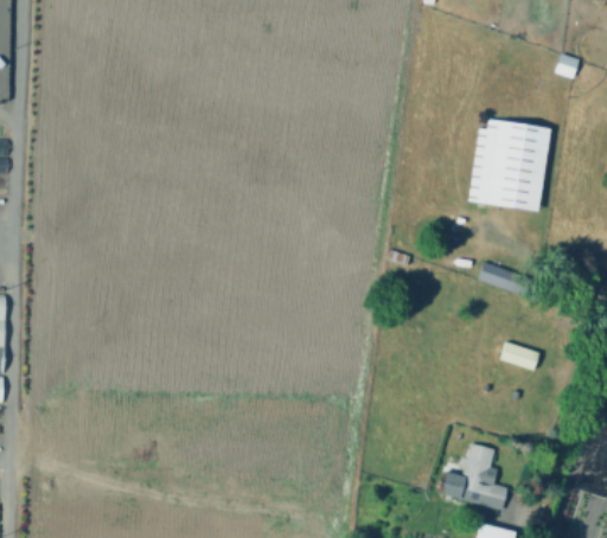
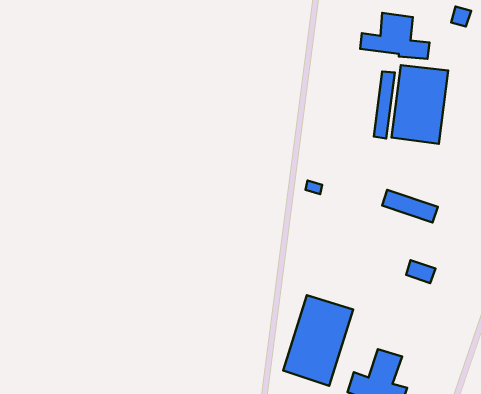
building: none -> [360,13,429,59]
building: none -> [283,295,353,386]

